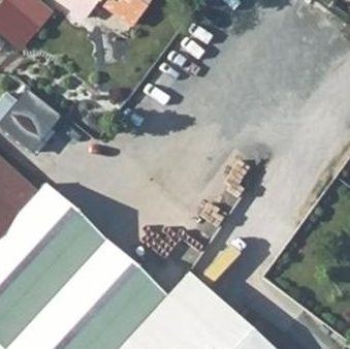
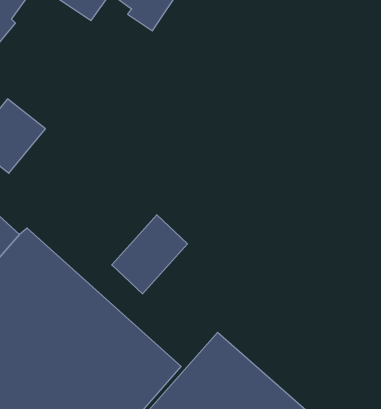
building: none -> [112,215,187,294]

